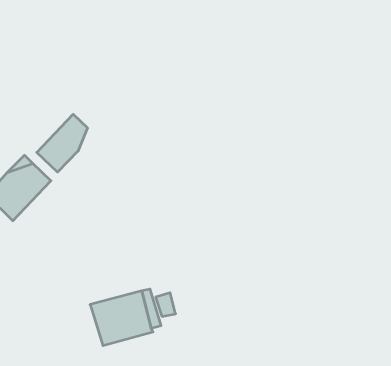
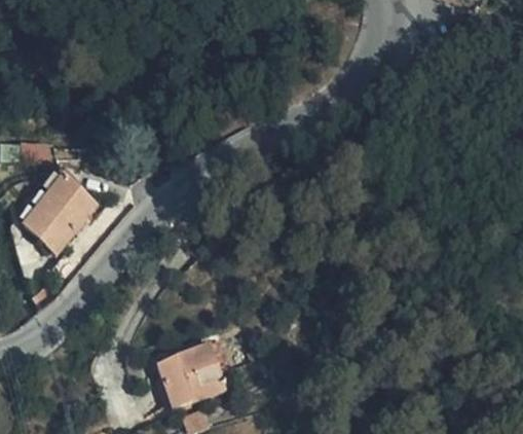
building: [37,114,87,172] -> none

